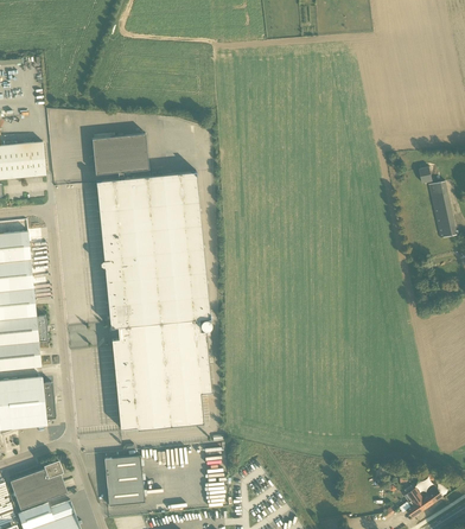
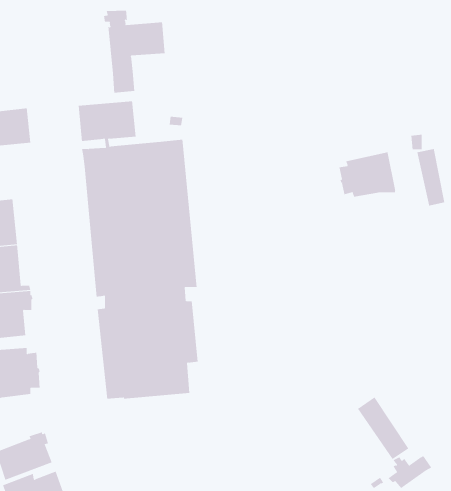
building: none -> [103,10,165,94]
building: none -> [339,152,396,197]
building: none -> [357,397,409,460]
building: [103,454,144,504] -> none

